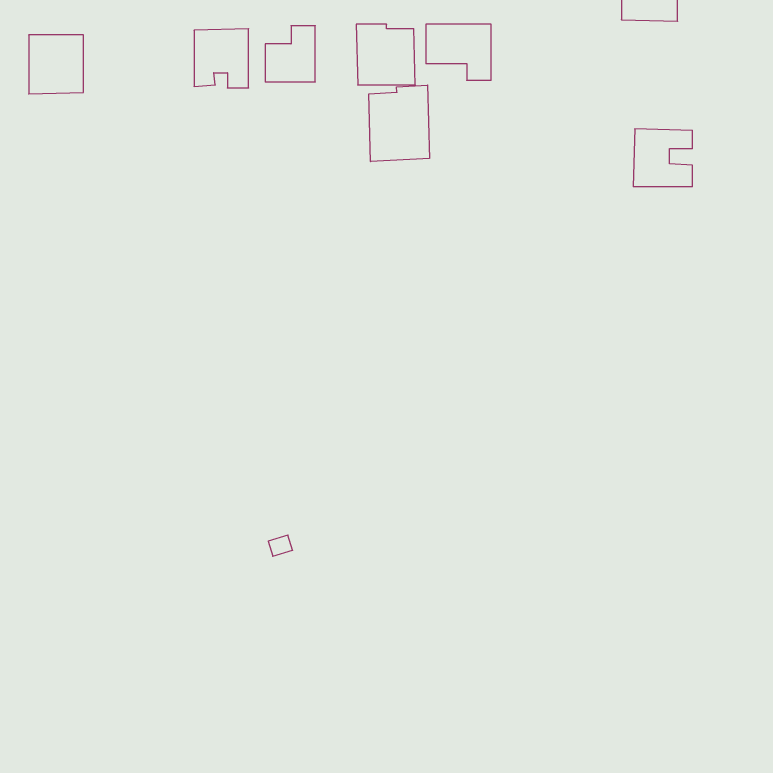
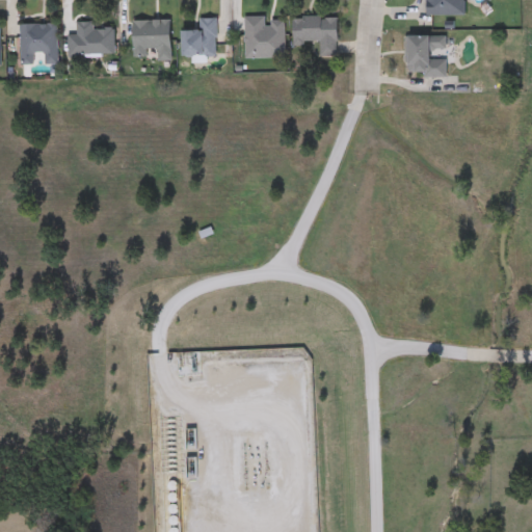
building: none -> [68,22,114,56]
building: [369,85,429,162] -> none
building: [633,129,692,187] -> [405,34,446,74]

